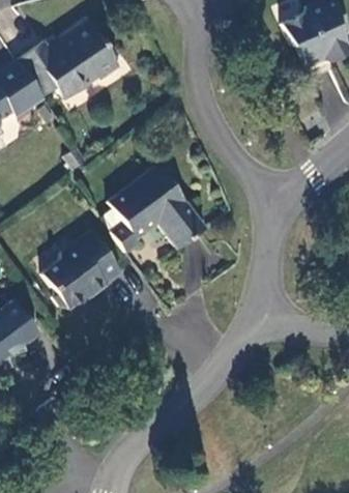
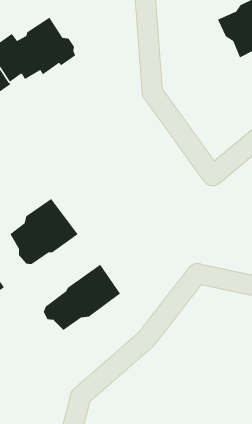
building: [109,164,205,252] -> none
building: none -> [43,264,121,331]

